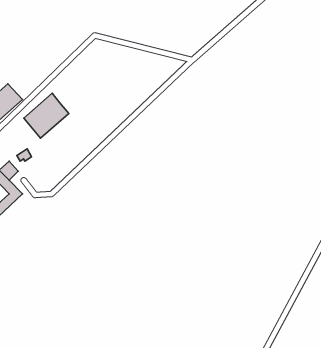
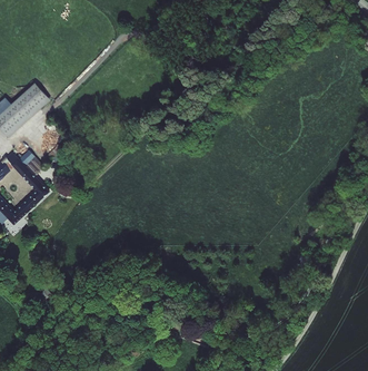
building: [24,93,69,138] -> none

